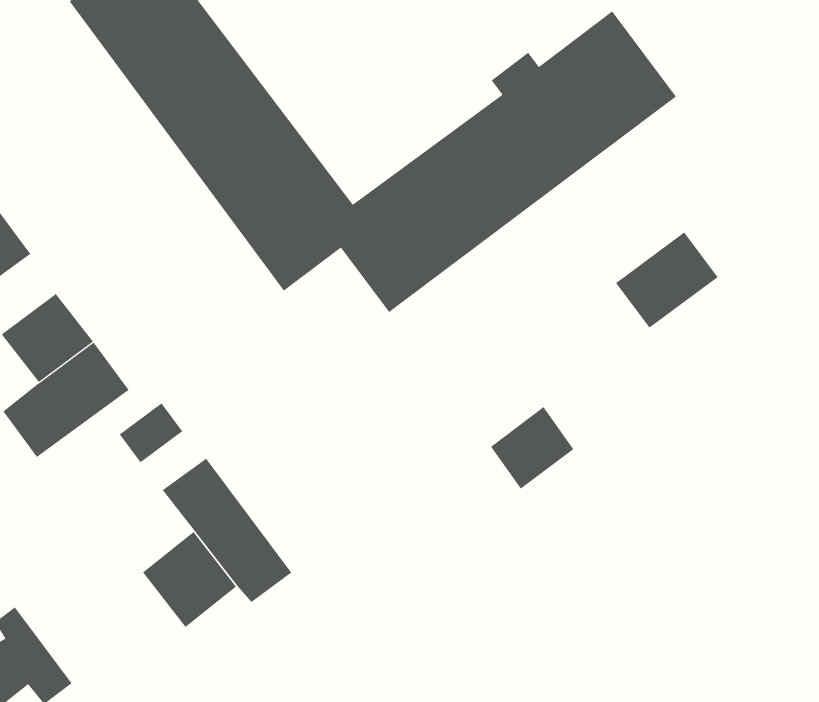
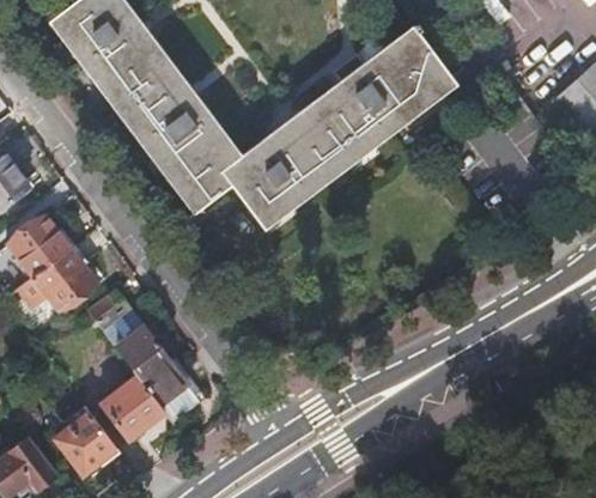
building: [615,232,719,329] -> none
building: [490,406,574,489] -> none
building: none -> [51,407,116,473]

